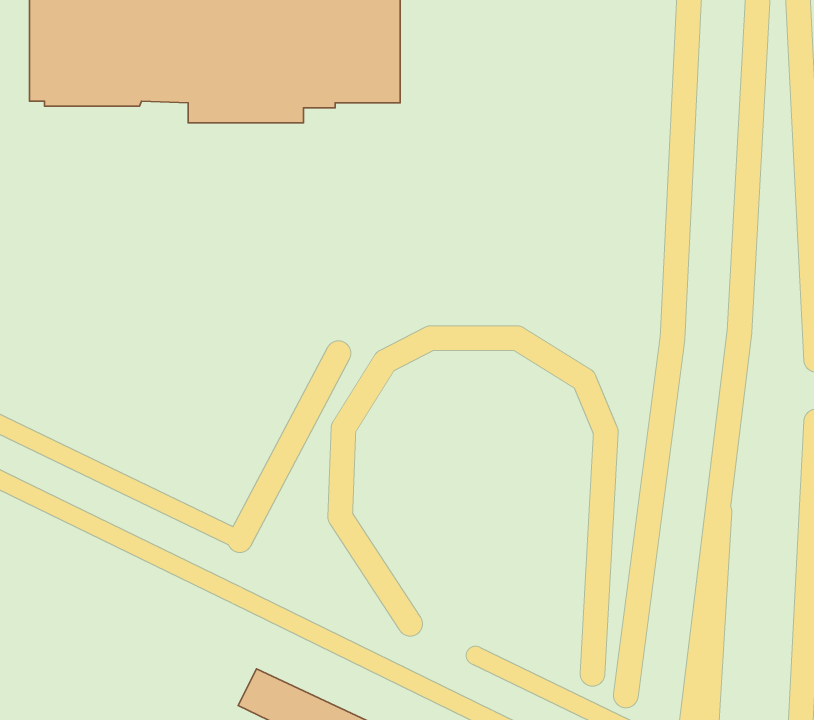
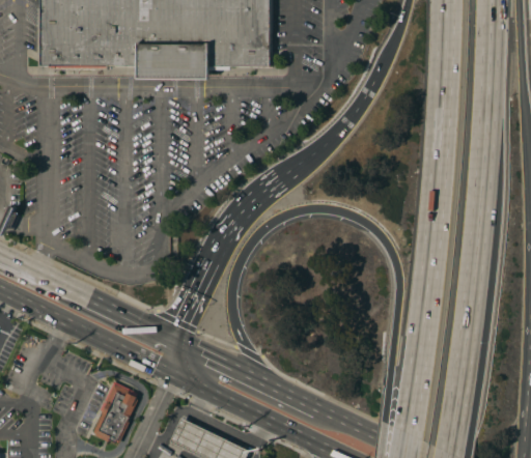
building: none -> [92,380,137,442]

